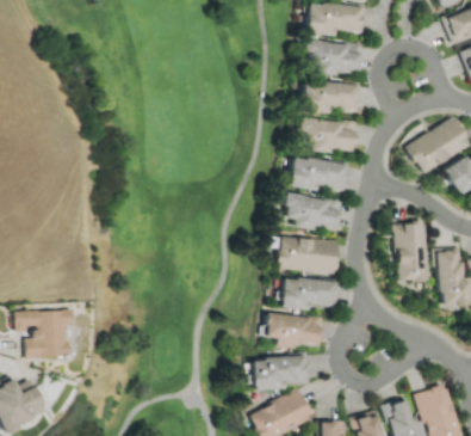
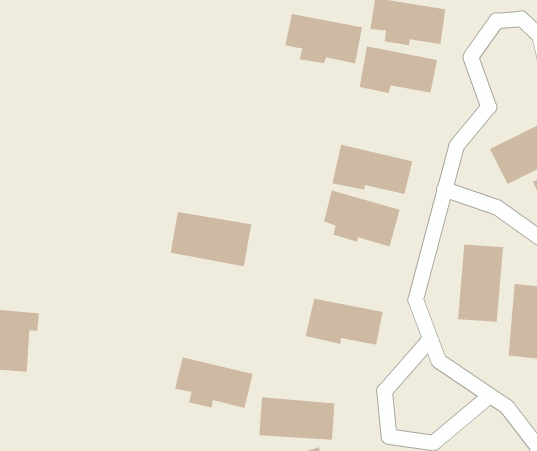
building: [298,117,357,153] -> [285,14,363,64]
building: [278,237,339,274] -> [170,212,252,267]
building: [265,312,324,349] -> [174,357,254,409]

